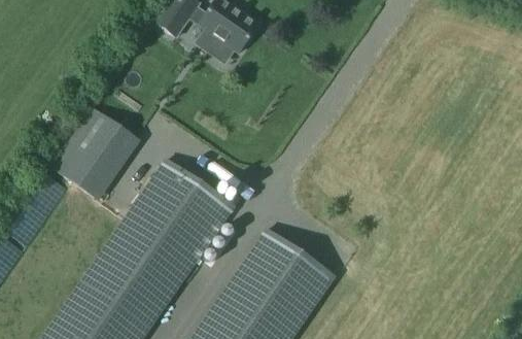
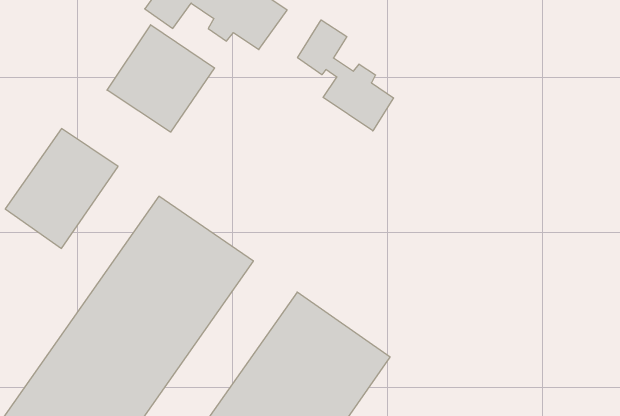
building: none -> [298,20,394,131]
building: none -> [107,25,215,132]

